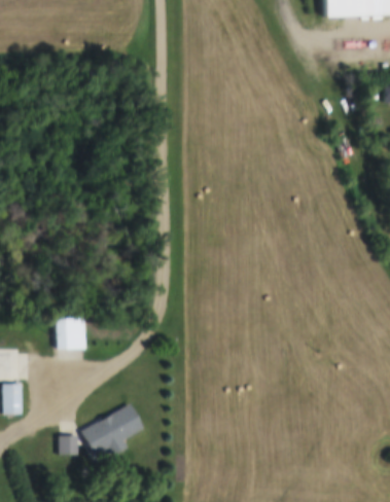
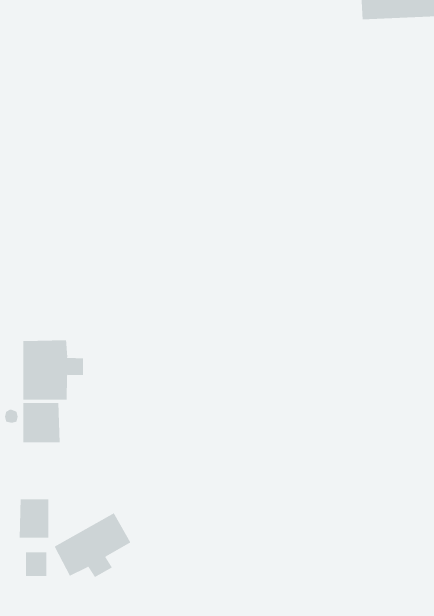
building: none -> [23,340,83,400]
building: none -> [19,499,49,539]

